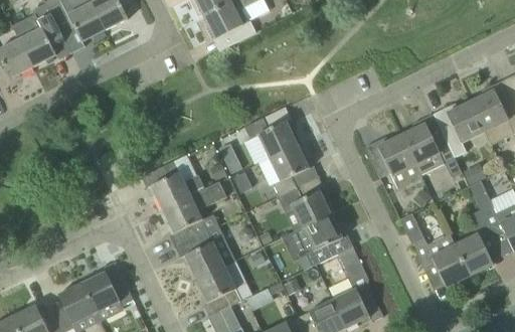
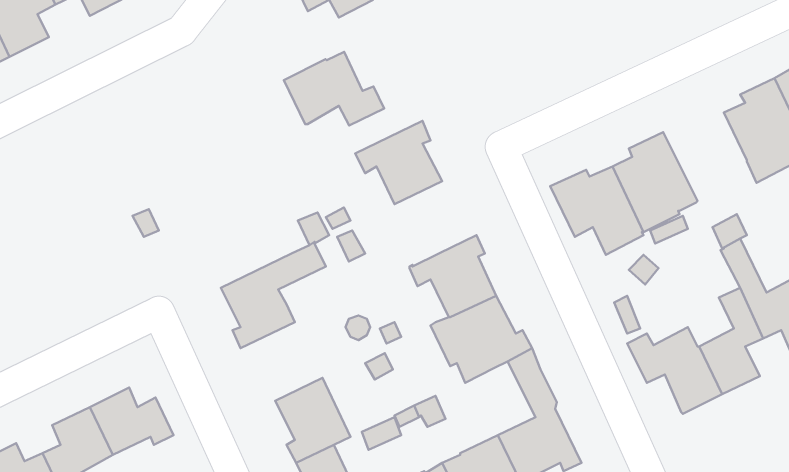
building: none -> [284,52,384,125]
building: [434,102,485,156] -> none
building: [269,144,319,196] -> none
building: [141,161,205,209] -> none
building: [174,230,224,279] -> none

